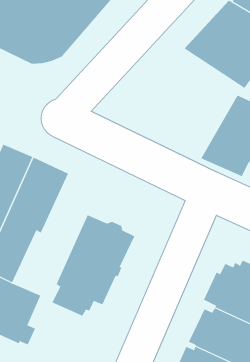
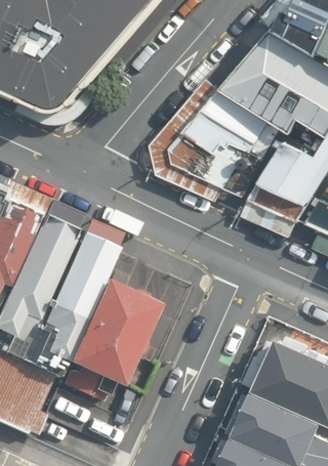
building: none -> [150,79,280,203]
building: none -> [17,235,120,382]

